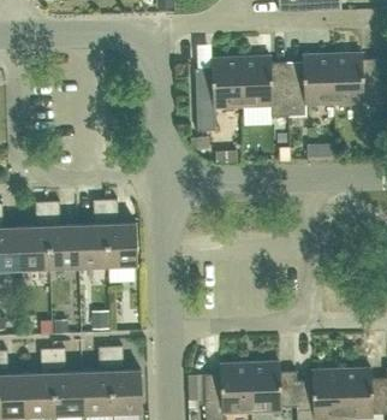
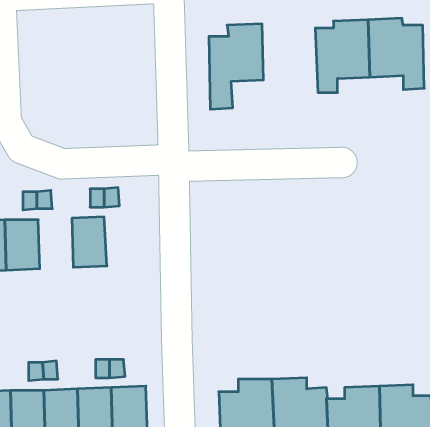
building: [240,57,288,118] -> none
building: [105,223,137,266] -> none
building: [48,225,78,268] -> none

